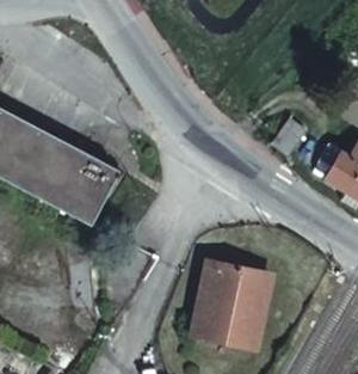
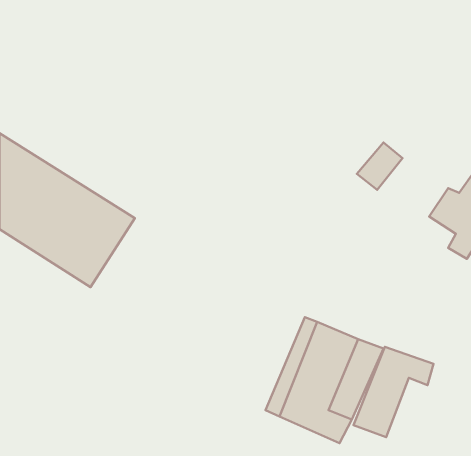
building: none -> [353,347,433,437]

